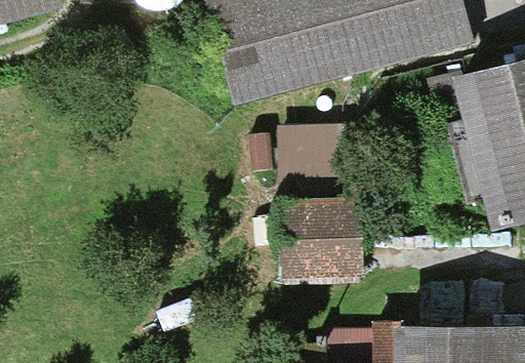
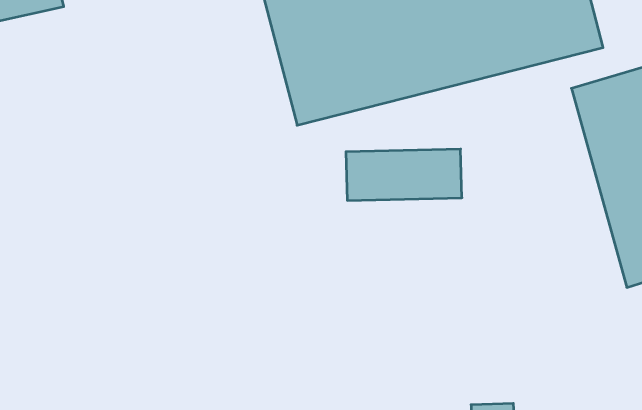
building: [279,202,364,282] -> none

